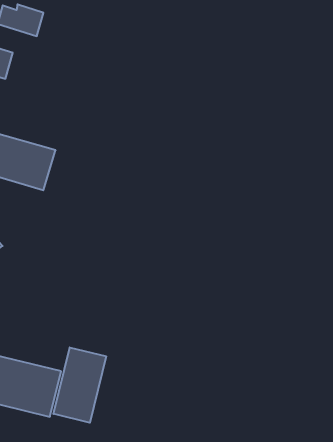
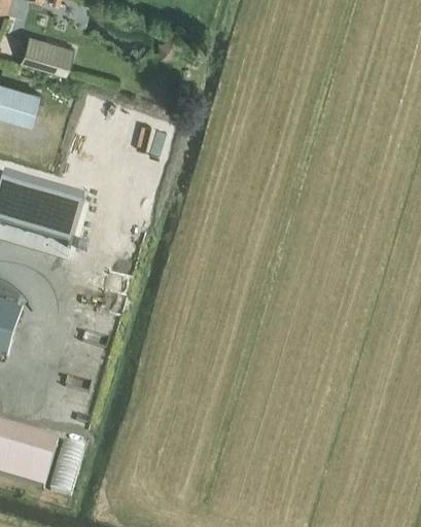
building: [53,347,106,423] -> none

